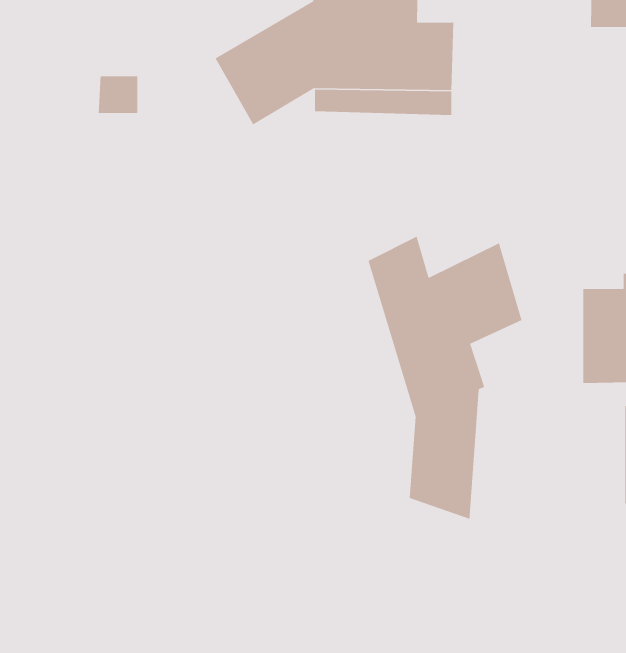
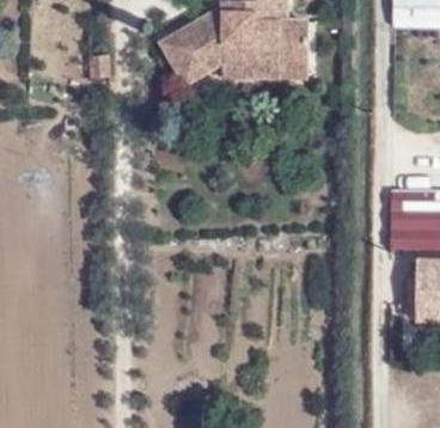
building: [368,235,523,520] -> none

